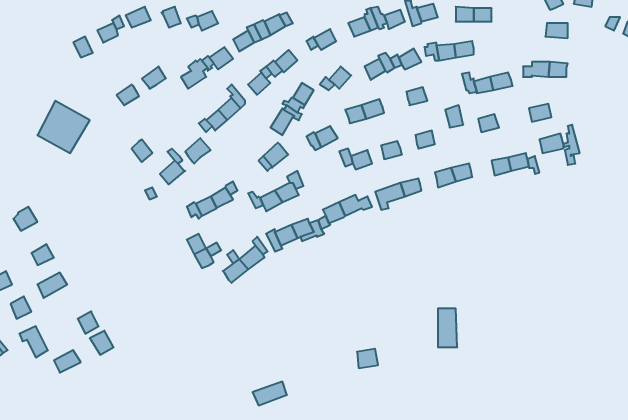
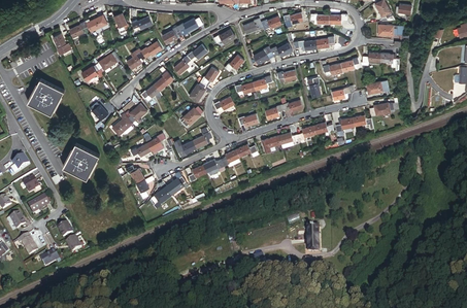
building: none -> [64,143,99,179]

